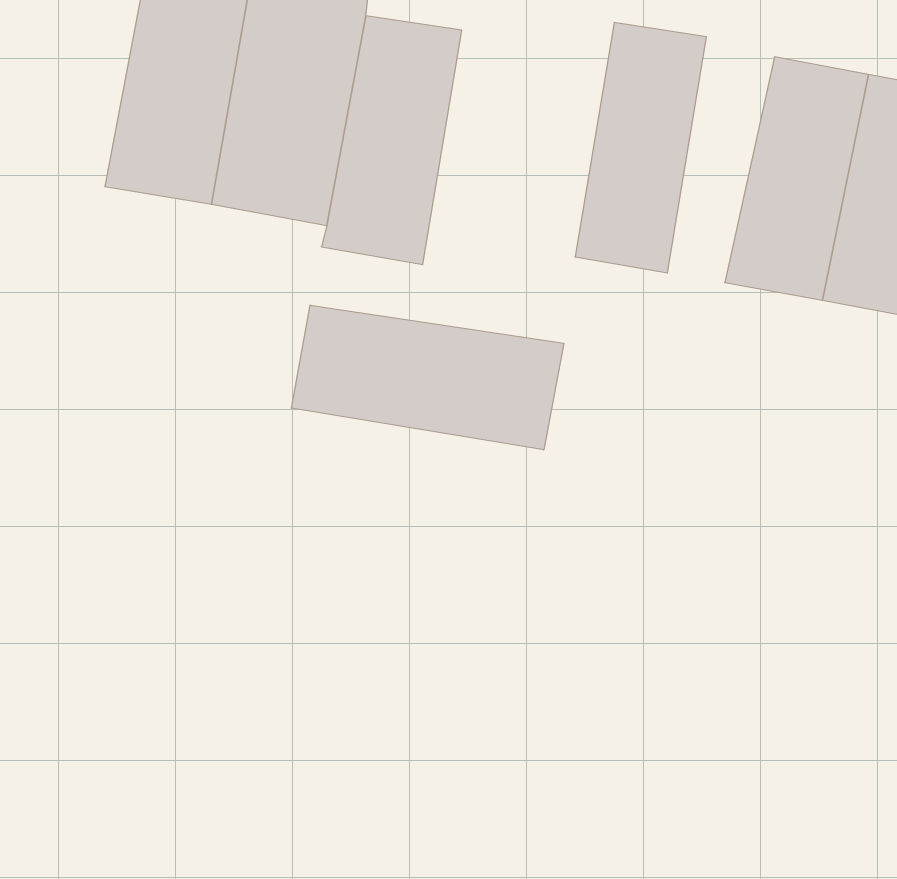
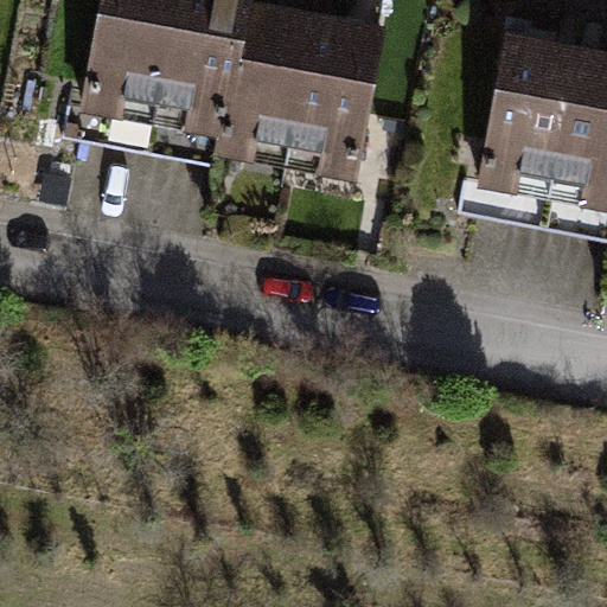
building: [575,23,706,273] -> [289,20,377,187]
building: [291,305,564,450] -> none

